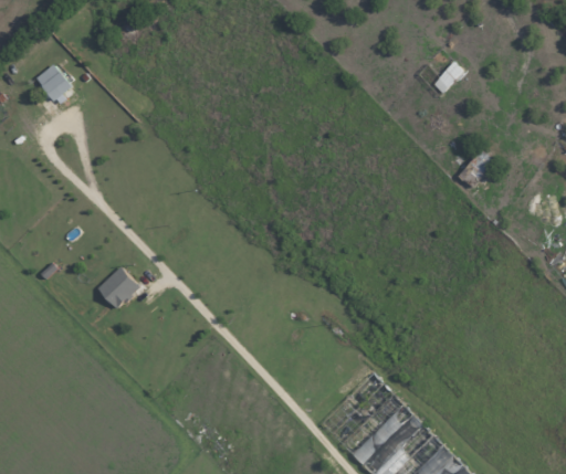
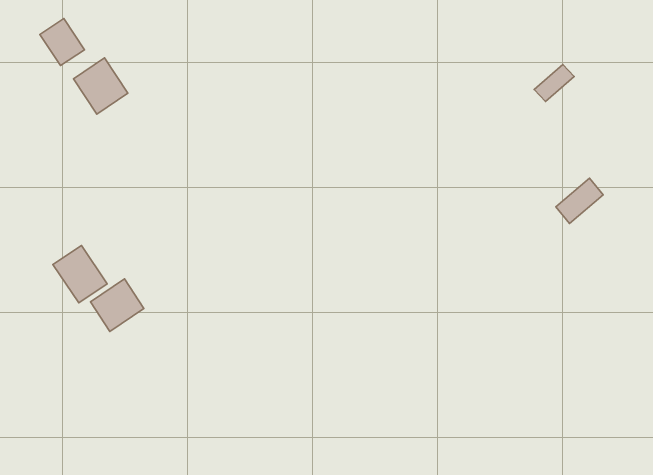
building: none -> [73,58,128,114]
building: none -> [53,245,107,303]

